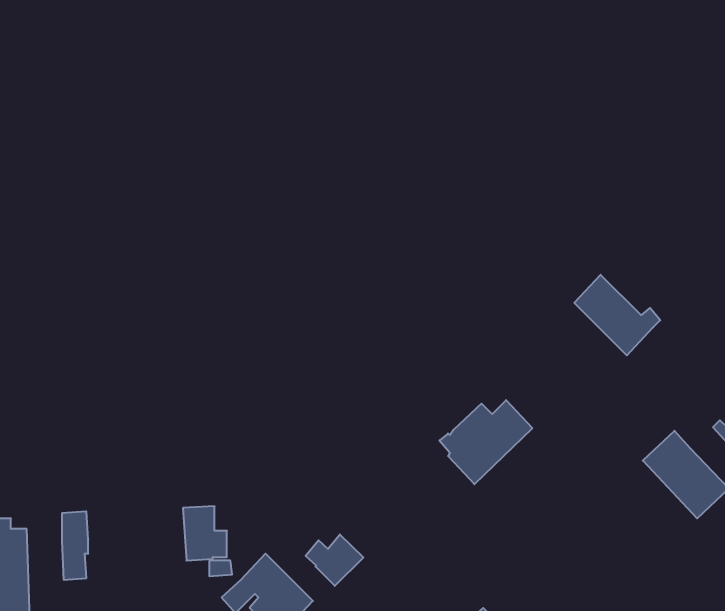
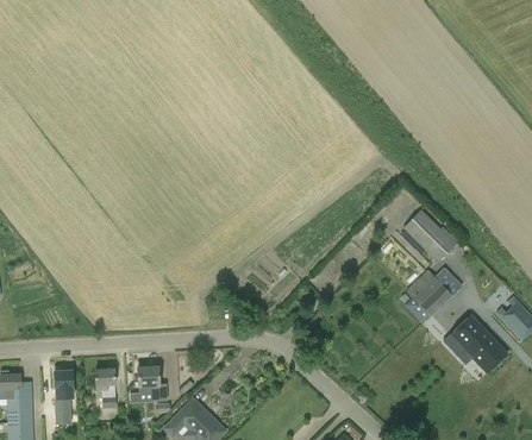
building: [439,400,532,484] -> [399,266,462,323]
building: none -> [95,367,115,407]
building: [306,534,363,586] -> none

